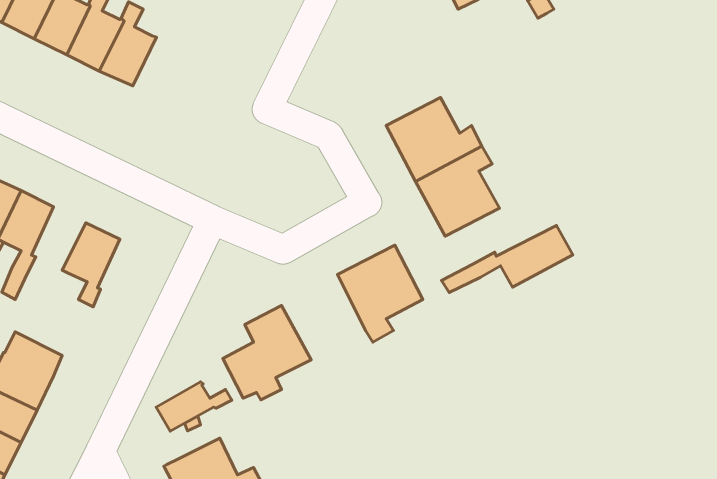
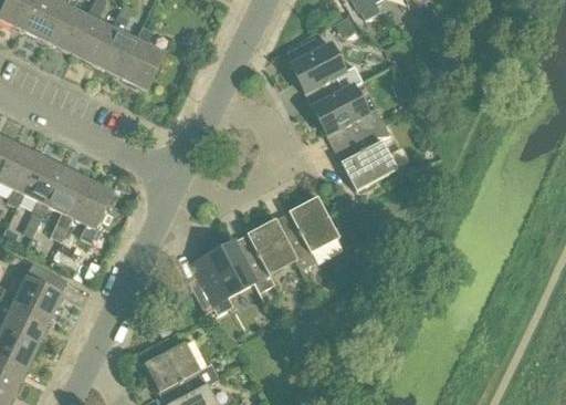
building: none -> [122,25,164,89]
building: none -> [290,43,361,106]
building: none -> [45,167,86,241]
building: [442,225,573,292] -> none
building: none -> [233,218,296,292]
building: [156,382,232,431] -> none

